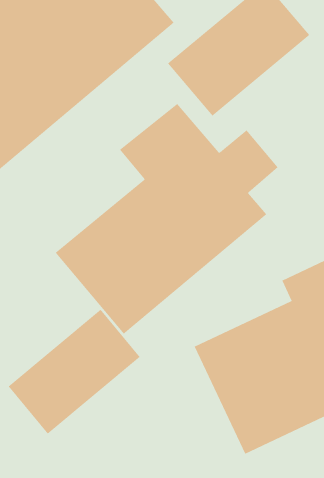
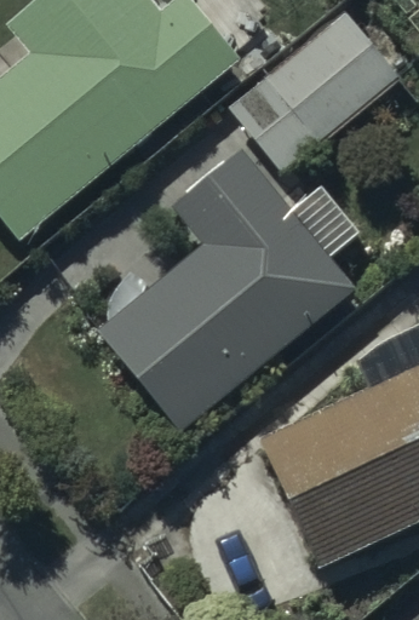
building: [8,309,140,434] -> none

